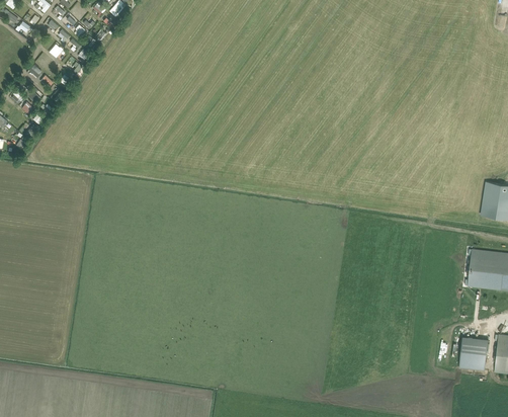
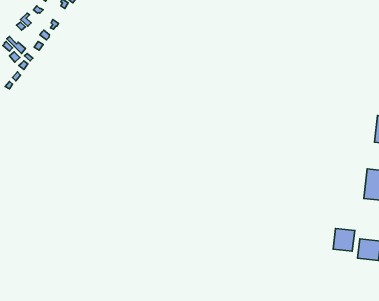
building: none -> [333,229,355,251]

